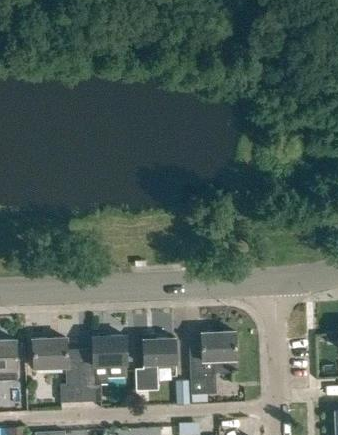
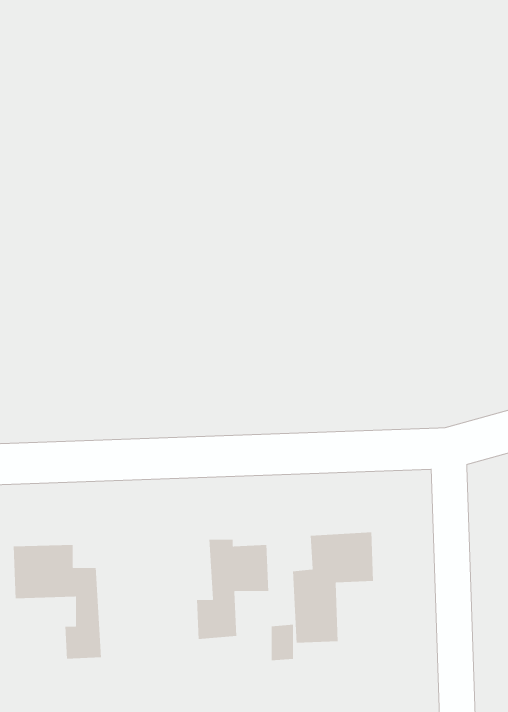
building: [78,336,126,402] -> none

